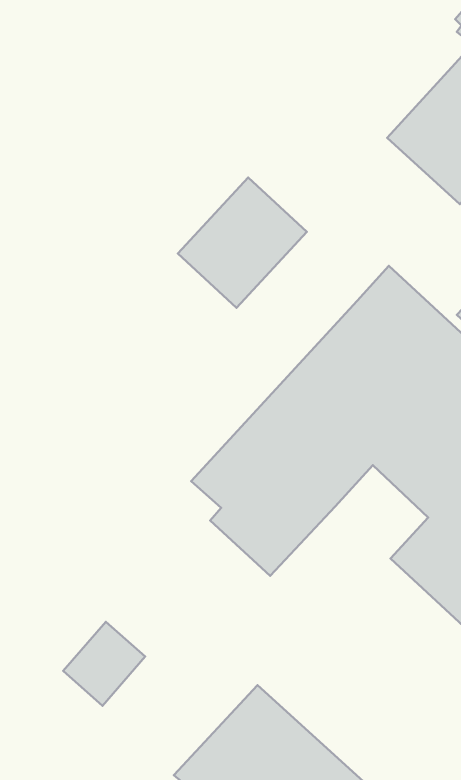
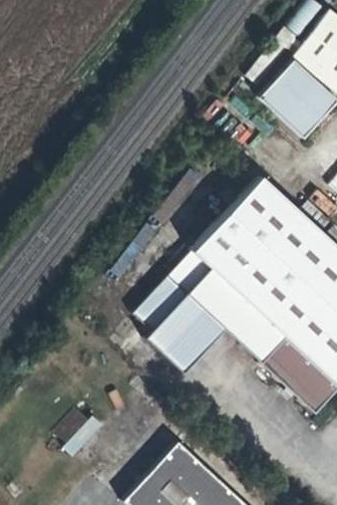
building: [178,177,307,308] -> none
building: none -> [228,303,287,362]

